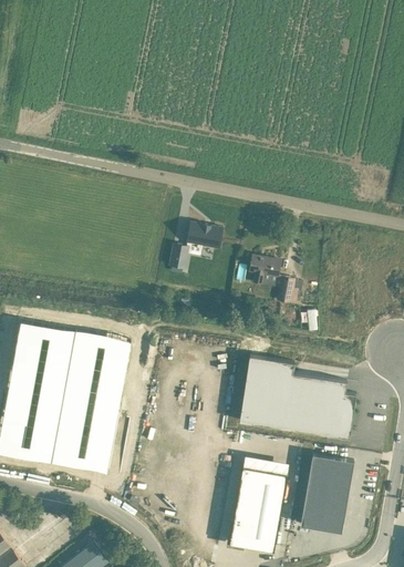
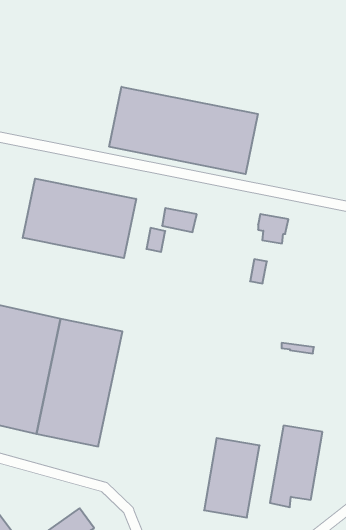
building: none -> [109,87,258,174]
building: none -> [23,179,136,258]
building: [248,256,280,287] -> [258,214,288,243]
building: [238,355,354,439] -> none

